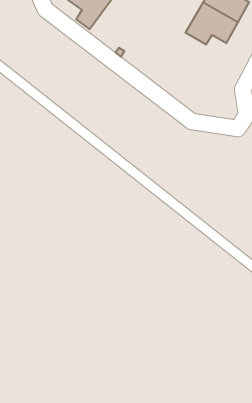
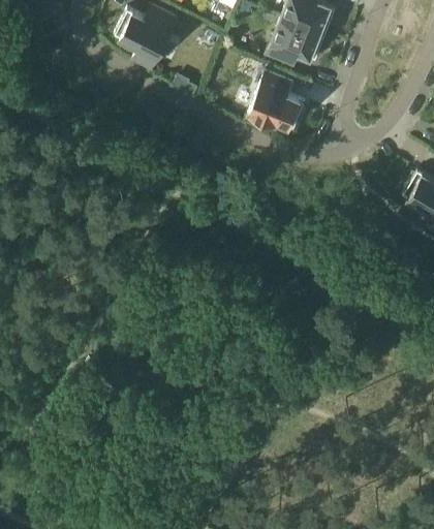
building: none -> [247,71,306,128]

